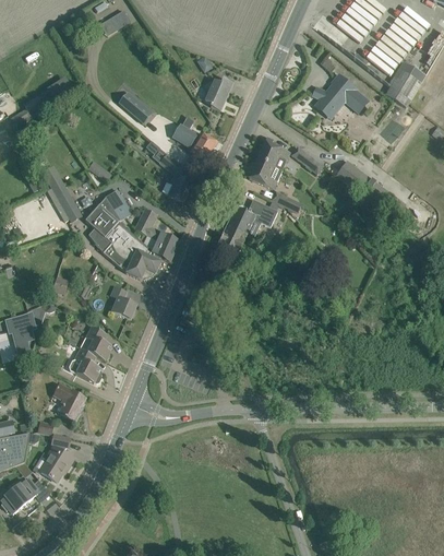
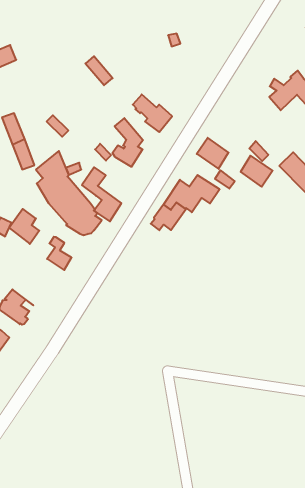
building: [204,78,232,110] -> none
building: [256,140,289,170] -> [241,156,273,187]
building: [80,326,111,360] -> [9,209,39,244]

